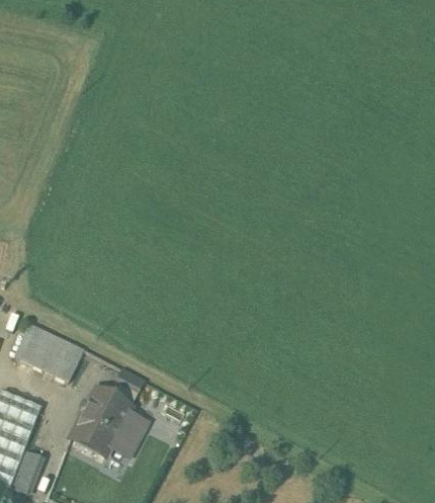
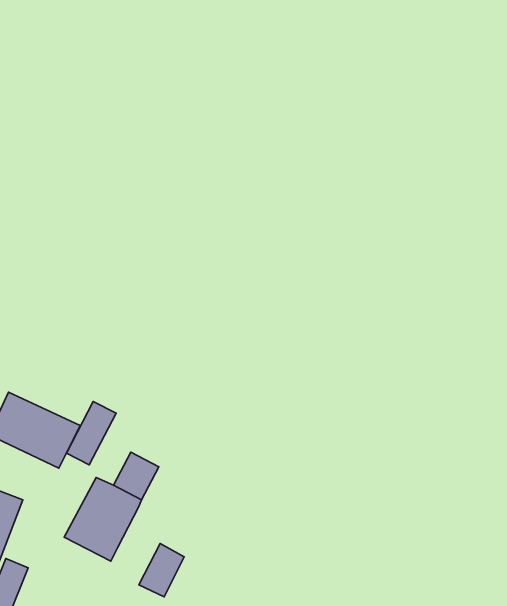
building: none -> [66,401,116,465]
building: [112,411,147,451] -> [139,544,184,597]

